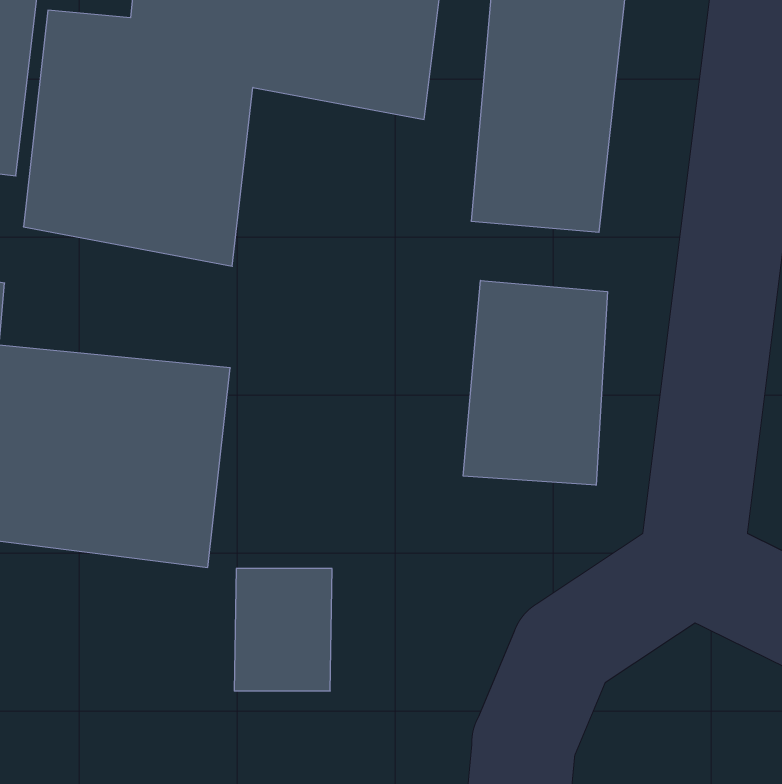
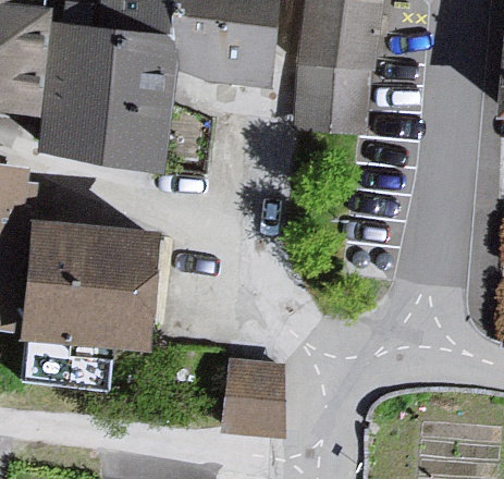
building: [463,280,607,485] -> none
building: [234,569,332,691] -> [228,361,284,432]

